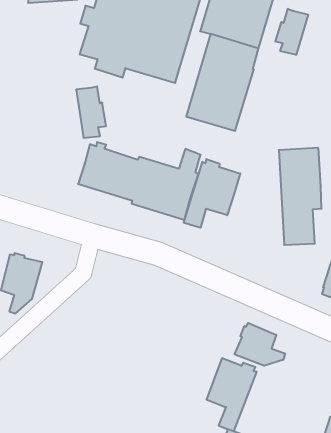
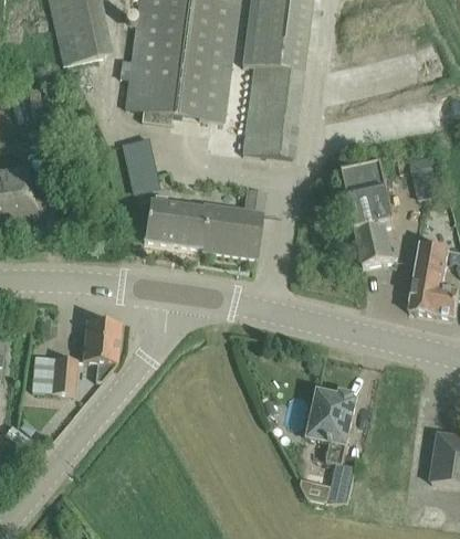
building: [275,9,308,55] -> none
building: [184,159,240,228] -> none
building: [235,323,285,366] -> none

